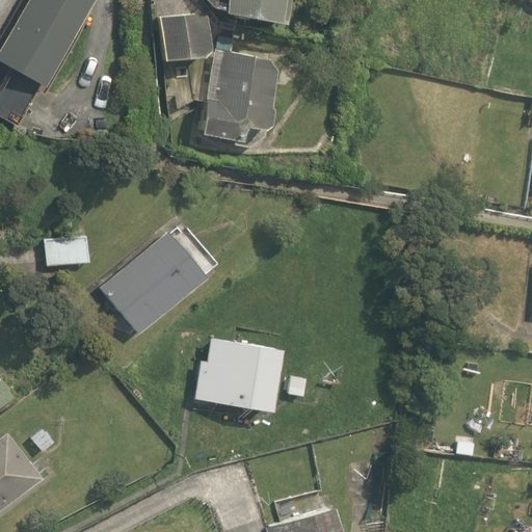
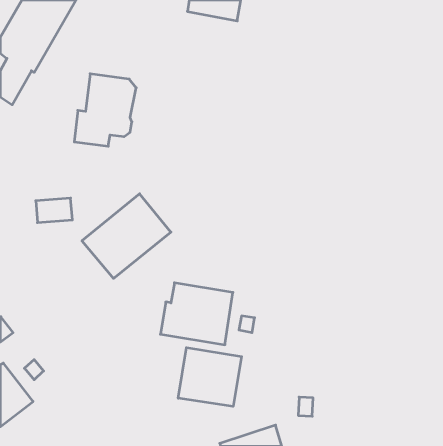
building: [162,16,211,60] -> none
building: [202,54,275,140] -> [74,74,136,146]
building: none -> [178,348,242,406]

